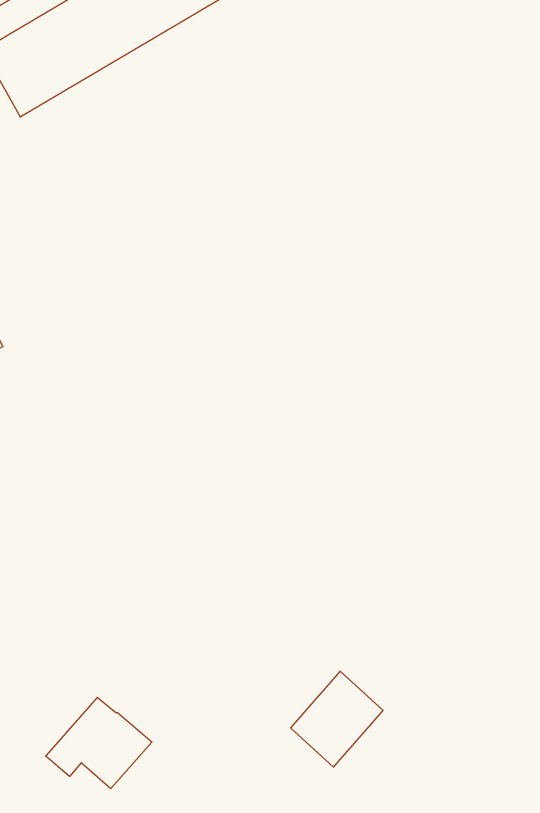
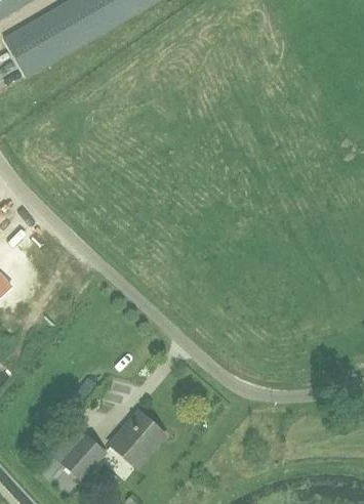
building: [291,671,383,767] -> [110,411,165,468]

